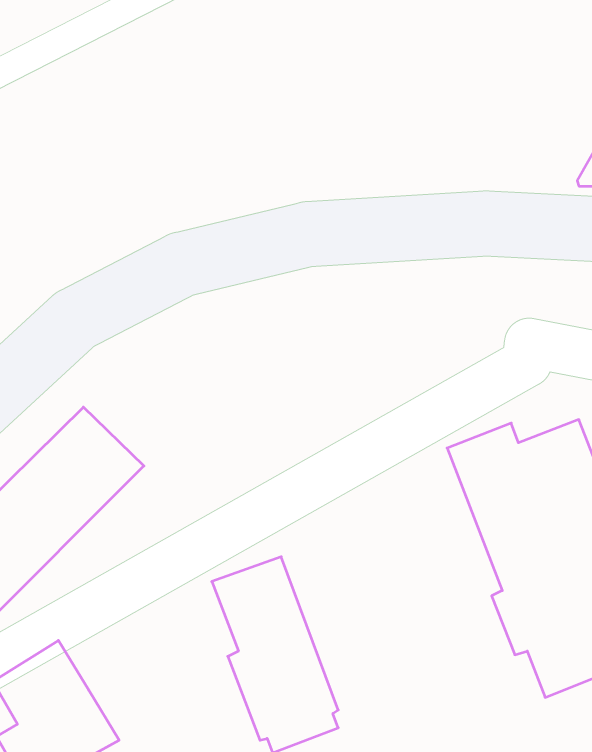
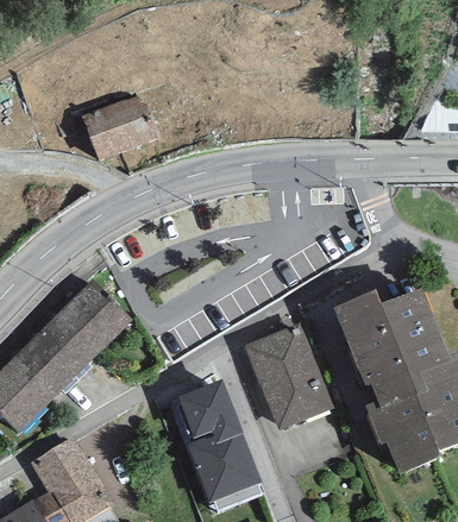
building: none -> [82,100,156,165]
building: none -> [244,323,333,430]

